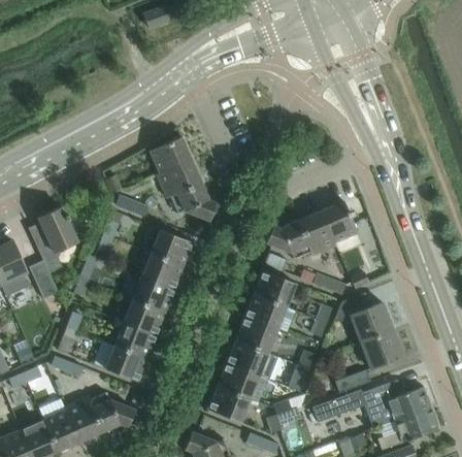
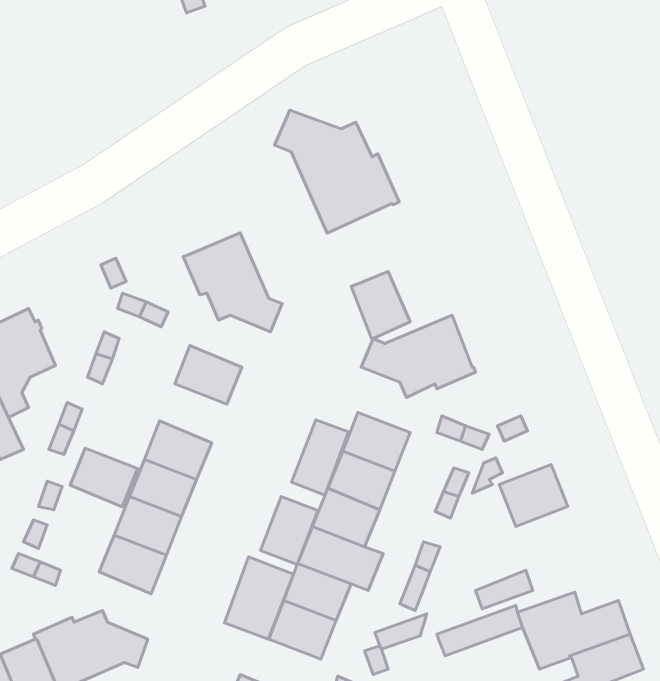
building: none -> [275,110,399,233]
building: [151,137,192,173] -> none
building: [322,201,358,242] -> [351,271,410,339]
building: [142,253,184,289] -> [70,448,137,507]
building: none -> [291,420,348,495]
building: none -> [261,497,318,564]
building: [361,328,403,368] -> none
building: none -> [225,557,294,639]

